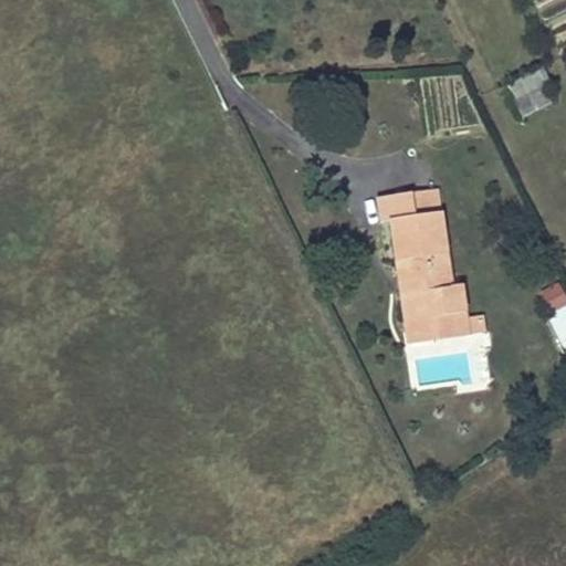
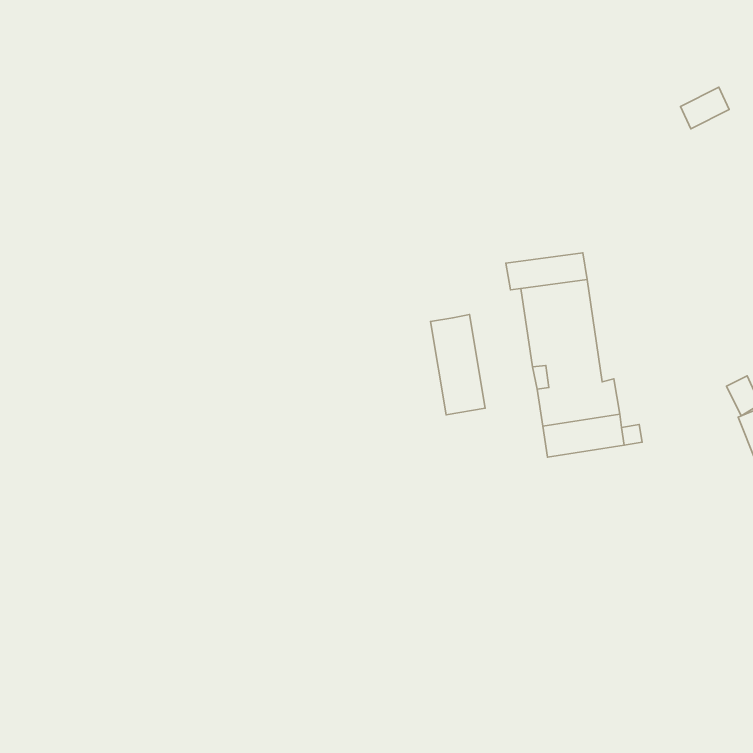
building: none -> [431,314,485,415]

